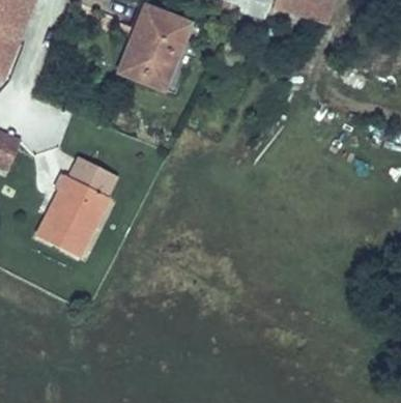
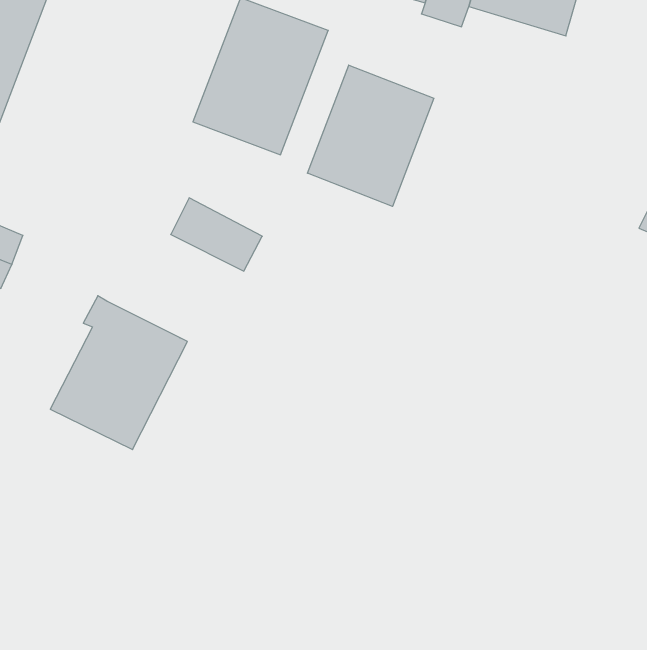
building: none -> [307,65,434,206]
building: [67,154,119,196] -> [171,198,262,271]

